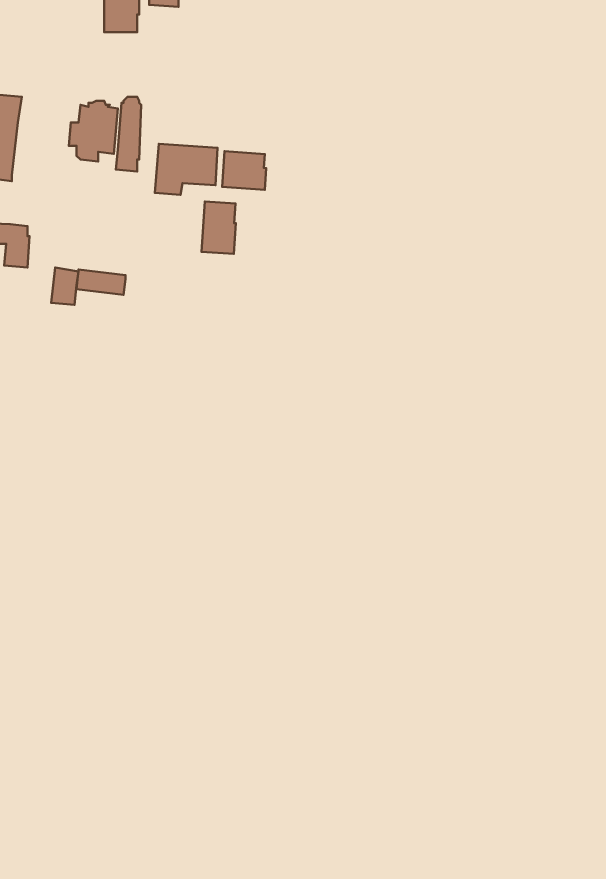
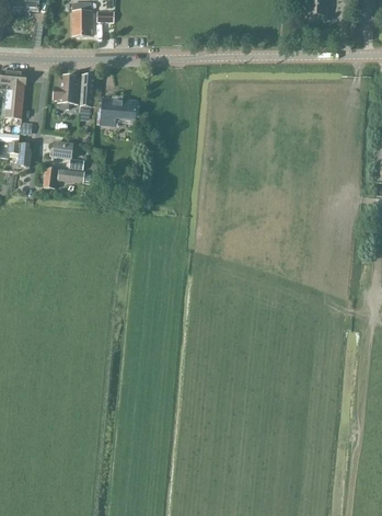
building: [222,151,266,190] -> none
building: [202,201,236,254] -> none
building: none -> [53,140,85,169]

